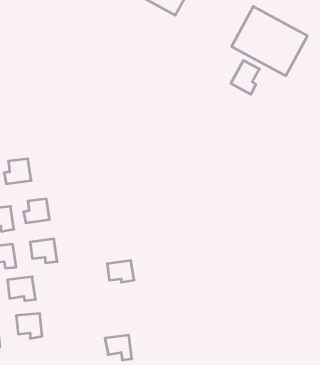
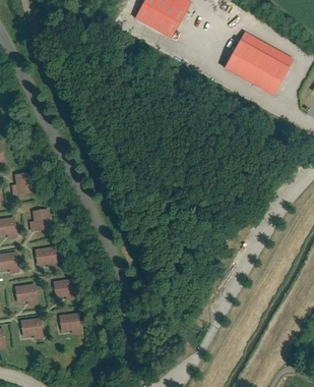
building: [231,60,260,94] -> none
building: [107,261,134,282] -> [53,281,78,301]
building: [105,335,132,360] -> [58,314,83,337]

